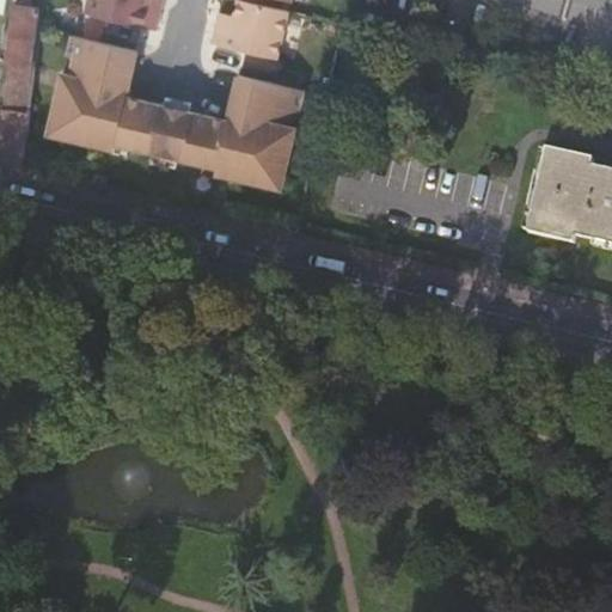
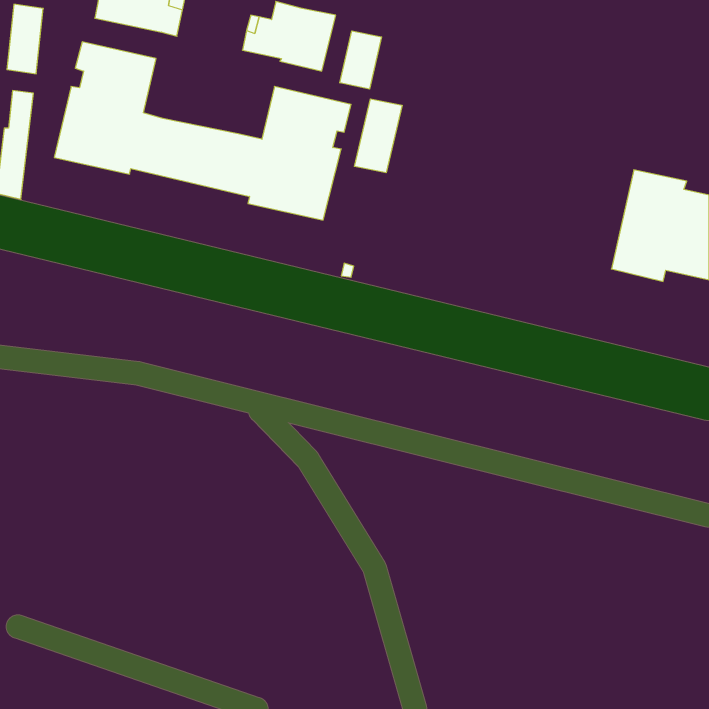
building: none -> [340,31,382,89]
building: none -> [354,99,402,173]

